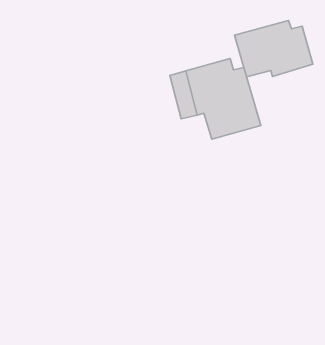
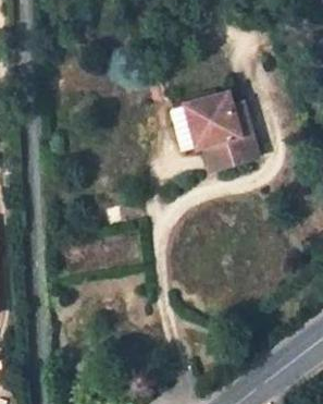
building: [235,20,313,77] -> none

